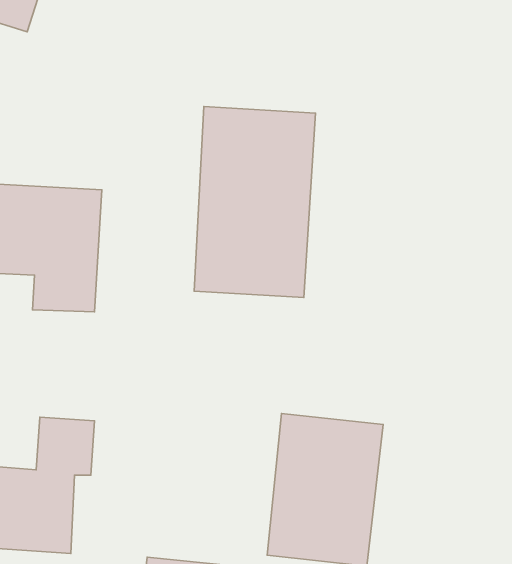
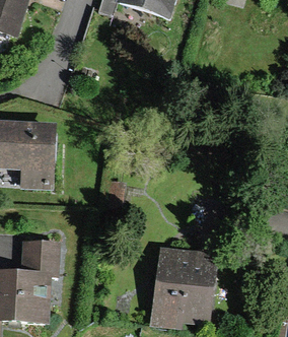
building: [194,107,316,297] -> none

